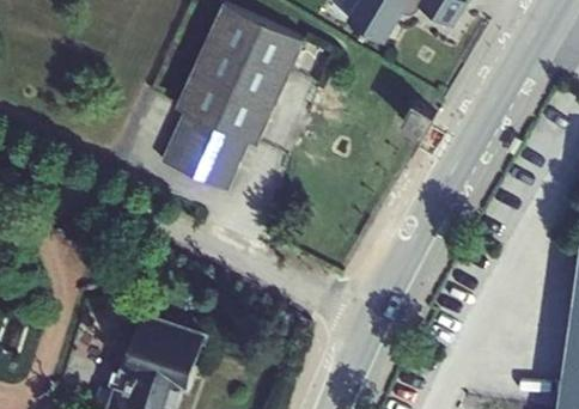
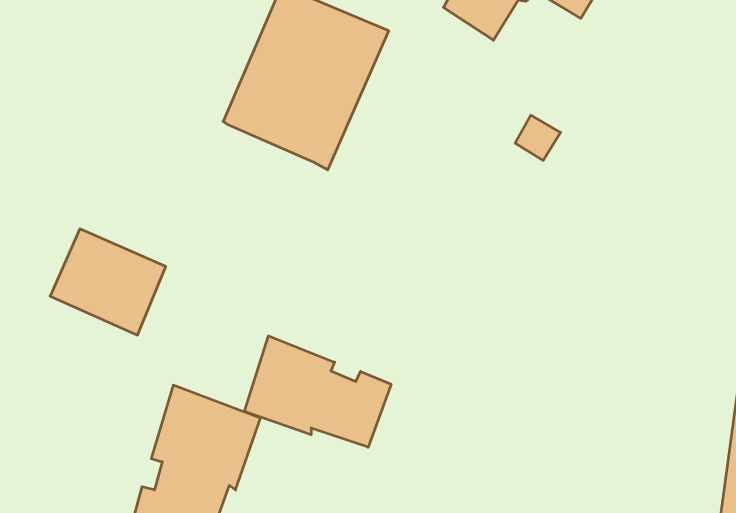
building: [158,110,246,191] -> [50,229,166,335]
building: none -> [244,336,391,447]

